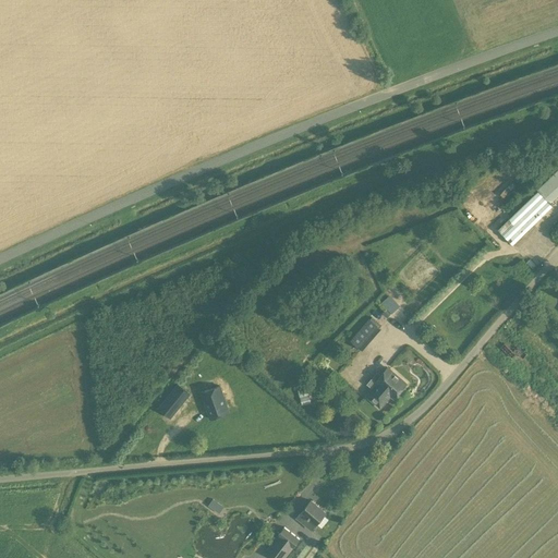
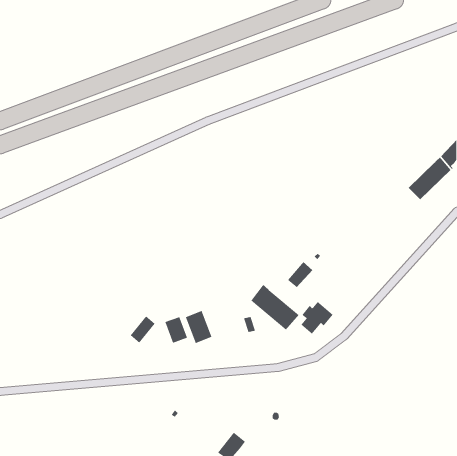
building: none -> [251,284,300,331]
building: none -> [185,310,212,344]
building: [295,501,325,531] -> none

